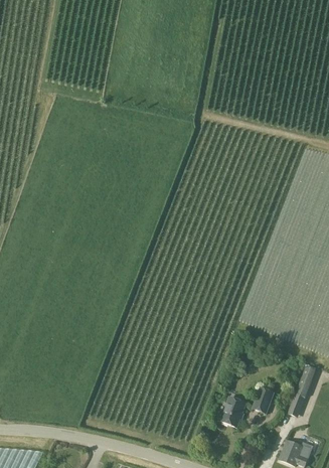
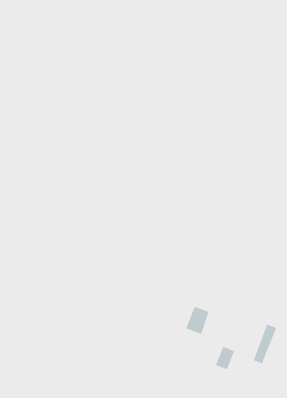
building: [220,397,245,427] -> [185,306,210,335]

